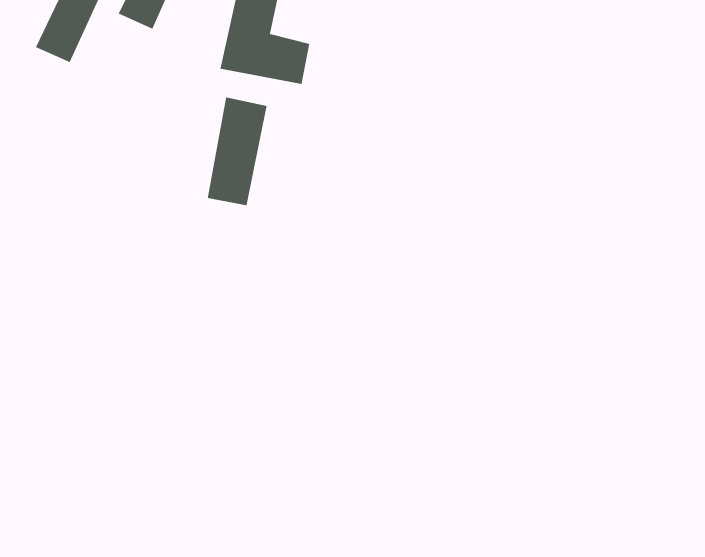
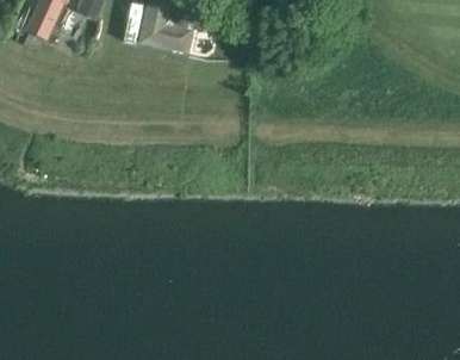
building: [207,97,268,206] -> none

